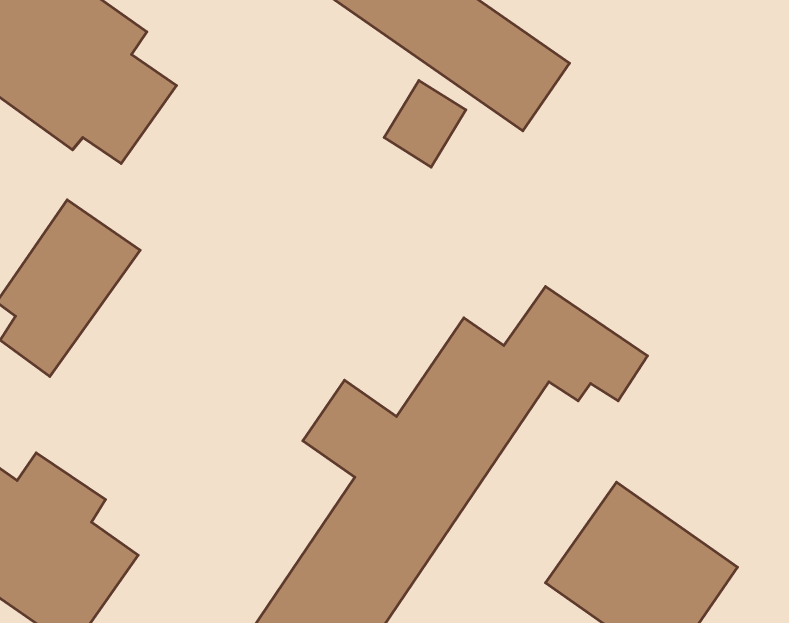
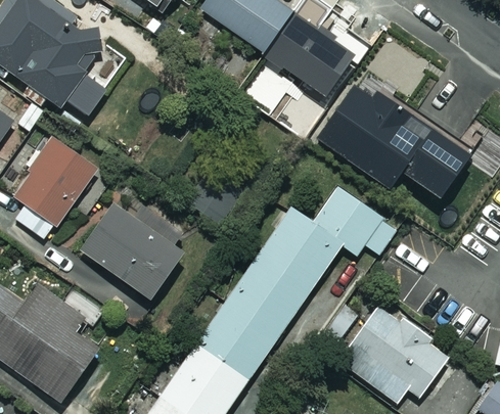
building: none -> [317,77,471,199]
building: none -> [81,192,191,300]

